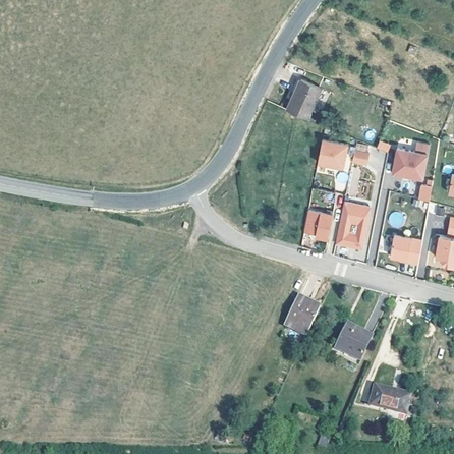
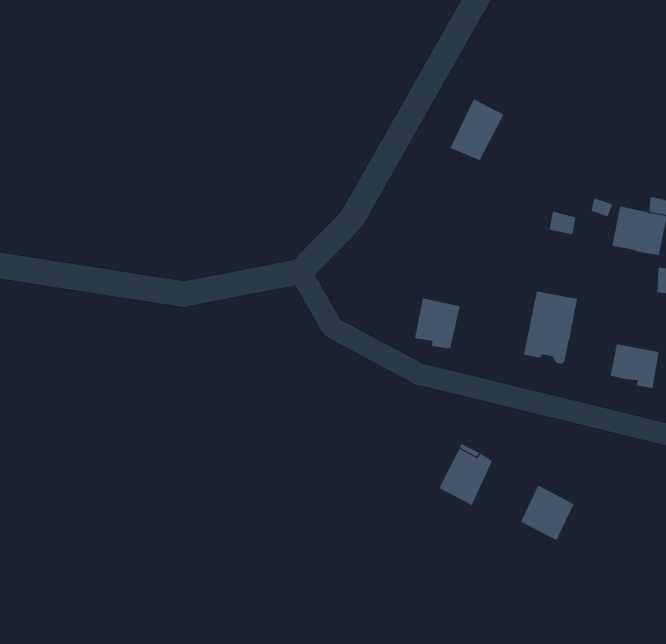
building: [318,138,347,167] -> none
building: [302,210,332,242] -> [414,298,460,349]
building: [367,386,408,414] -> none

